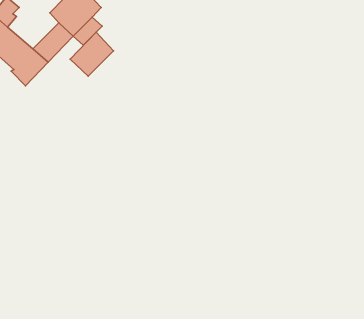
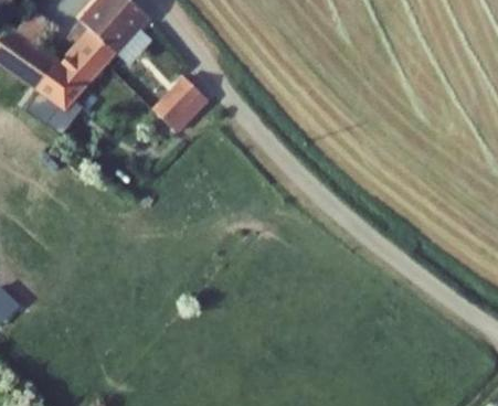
building: [70,32,113,76] -> [155,75,208,129]

